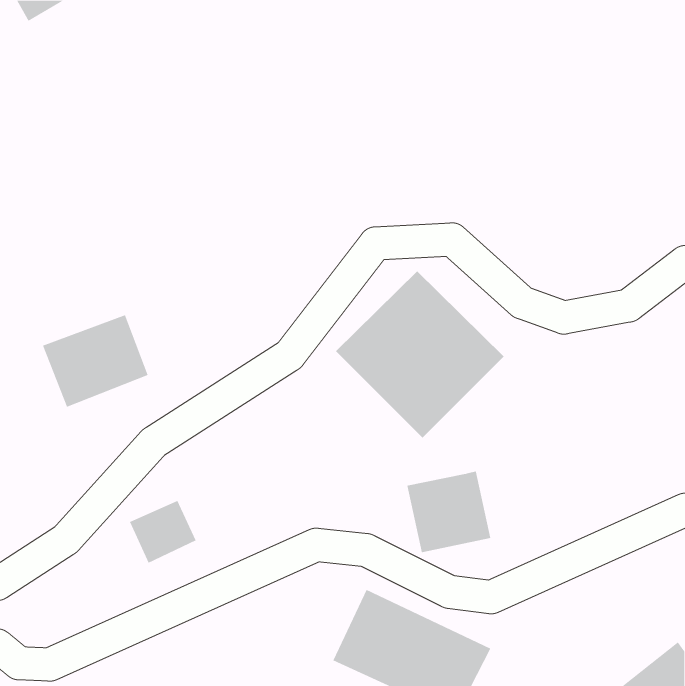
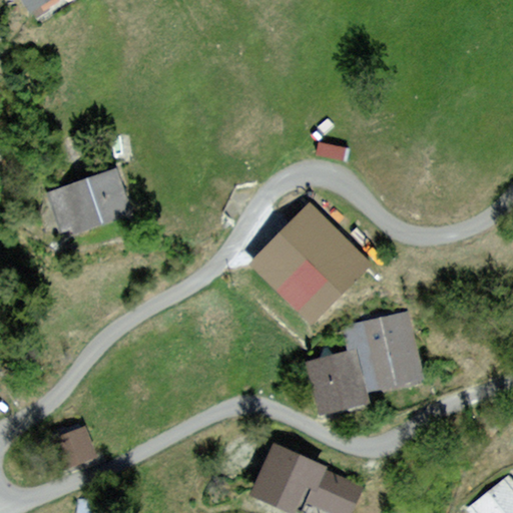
building: [42,315,148,407] -> [49,167,128,236]
building: none -> [340,308,425,402]
building: [129,500,197,564] -> [47,427,97,474]

